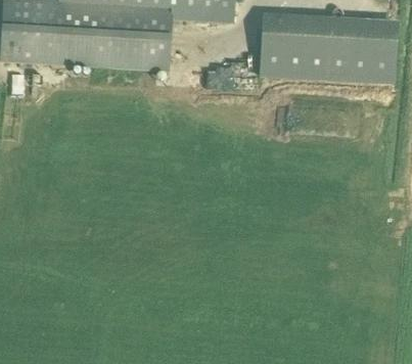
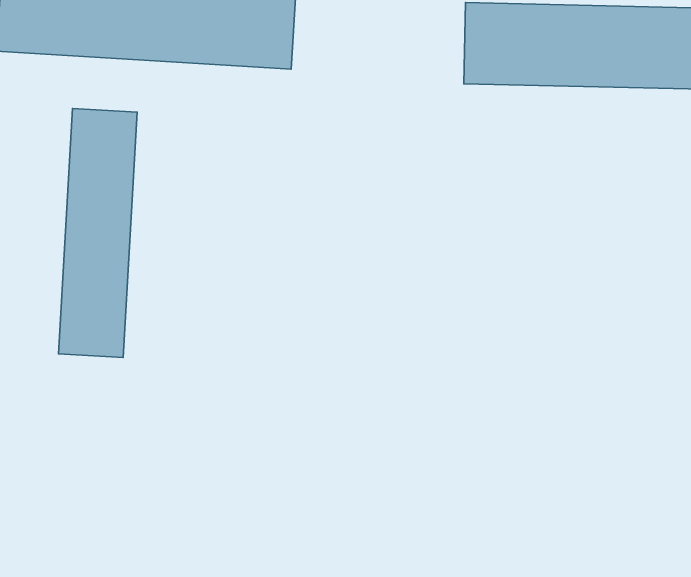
building: none -> [58,108,137,358]

